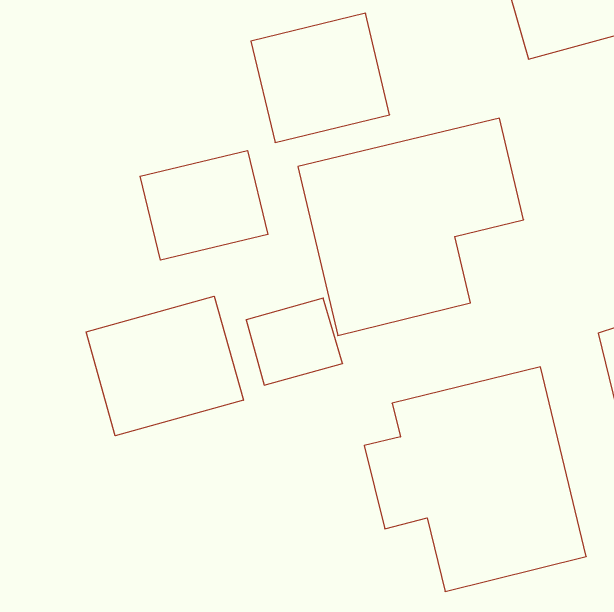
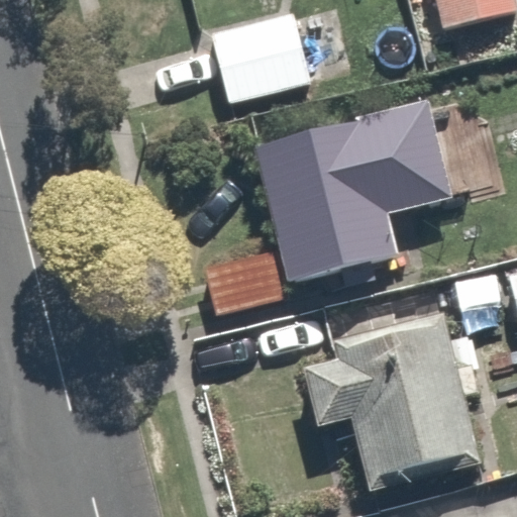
building: [140,151,268,260] -> none
building: [86,296,243,436] -> none

